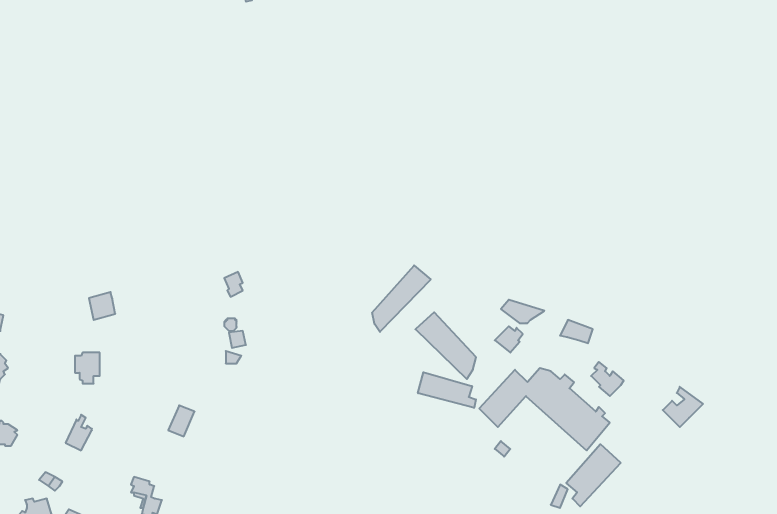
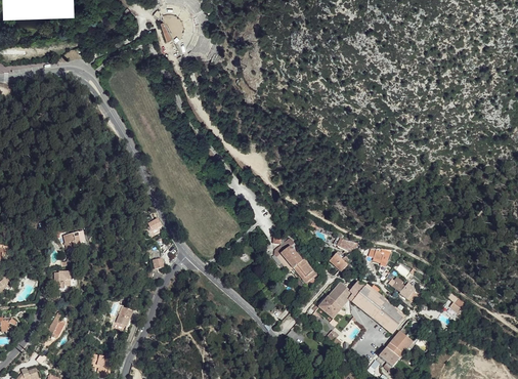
building: [372,265,431,332] -> none
building: [418,372,476,408] -> none

